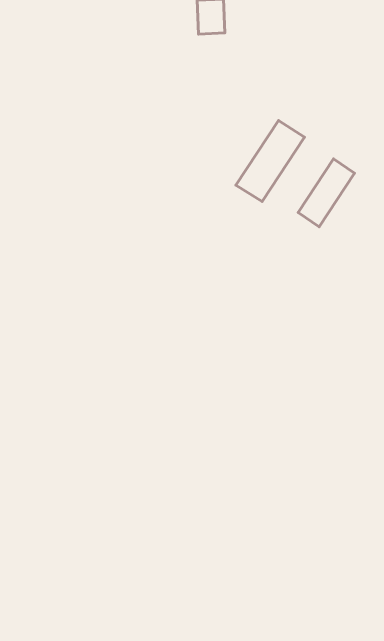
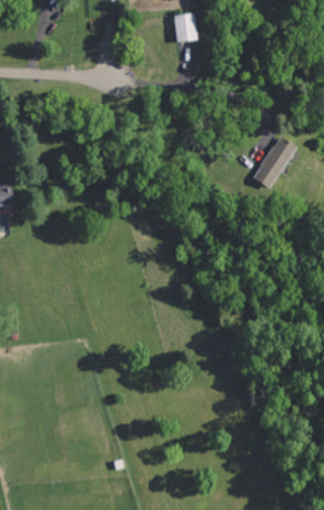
building: [236,121,305,202] -> none

